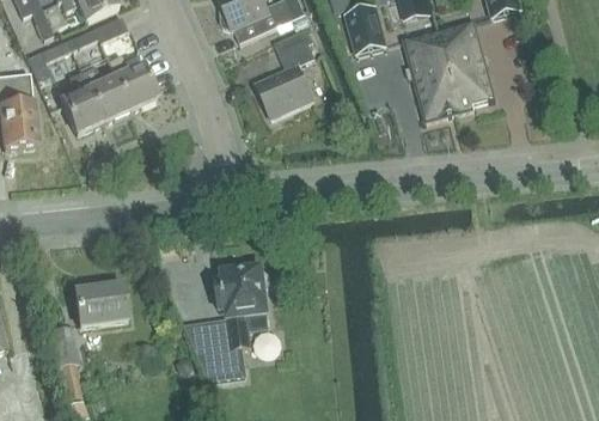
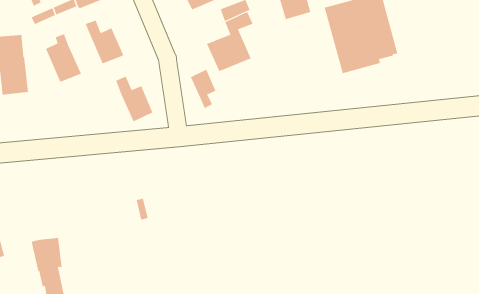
building: [80,65,128,122] -> [115,76,153,122]
building: none -> [190,69,216,109]
building: [203,267,271,378] -> none
building: [75,282,128,328] -> none

